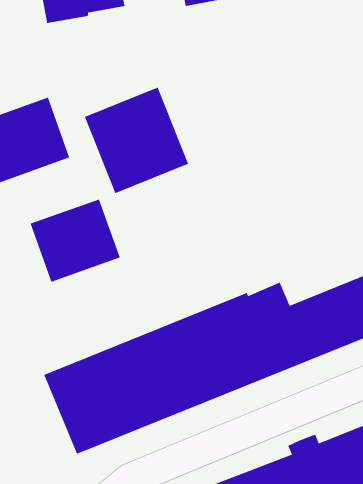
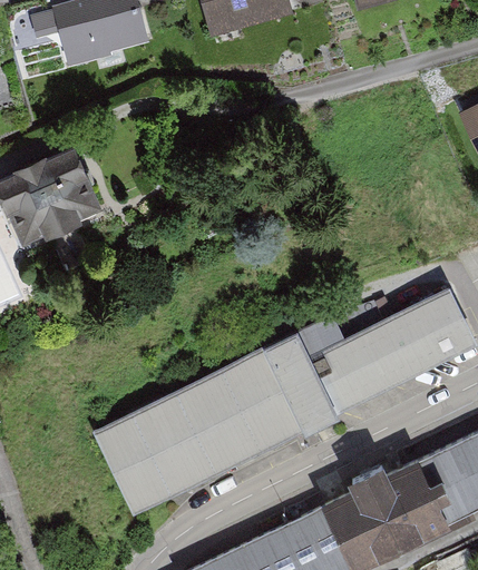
building: [84,87,189,194] -> none
building: [30,198,121,283] -> none

